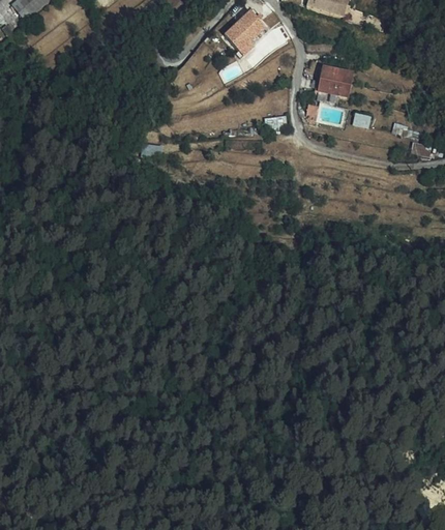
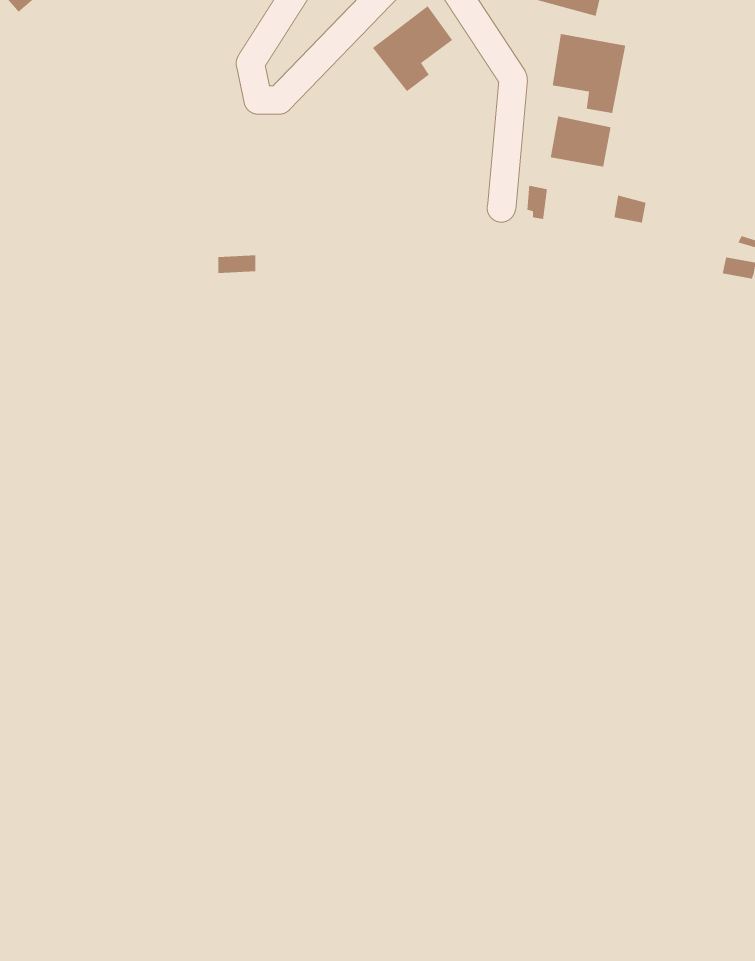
building: none -> [552,33,626,114]

